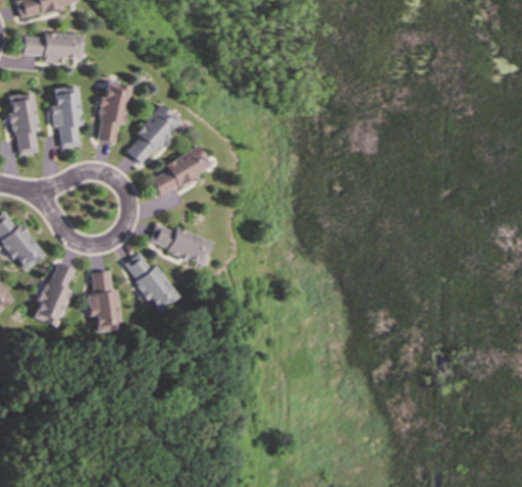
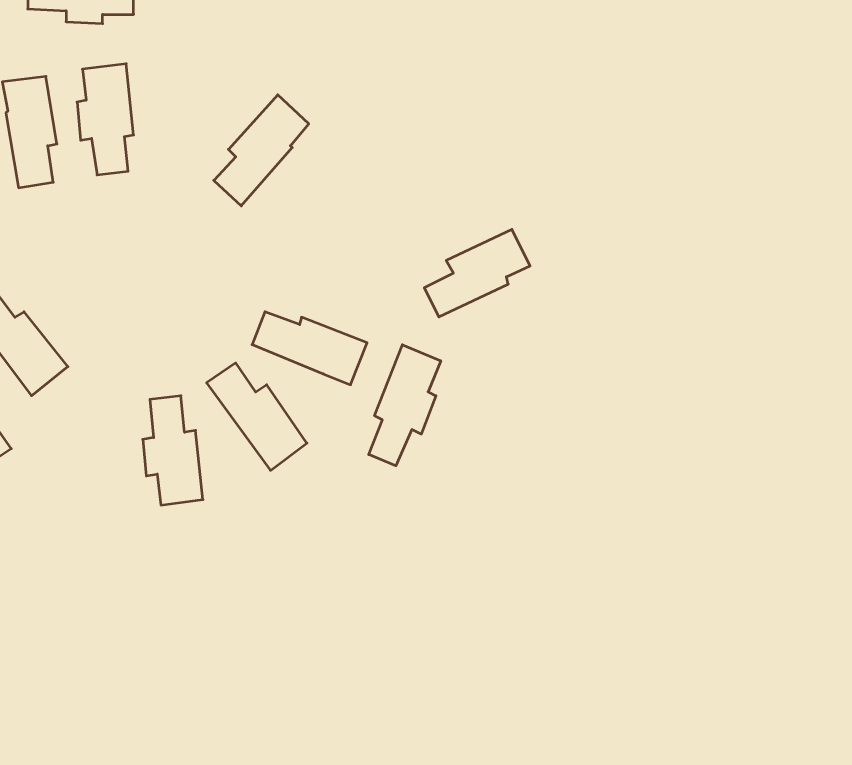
building: [95,82,130,143] -> none
building: [151,146,210,195] -> [424,229,530,317]
building: none -> [369,345,441,466]
building: [34,262,74,326] -> none

